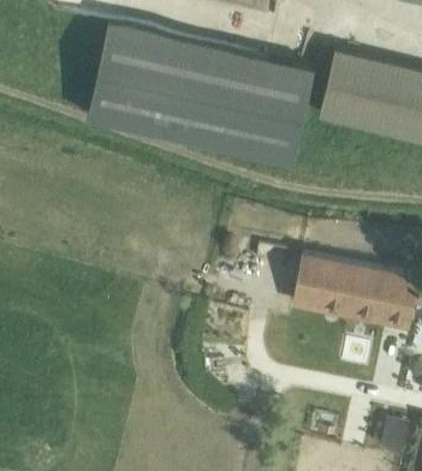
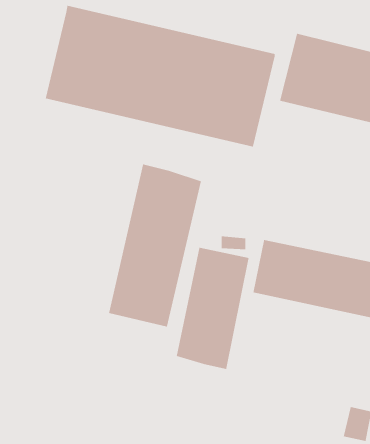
building: none -> [108,163,202,327]
building: none -> [176,247,250,370]

